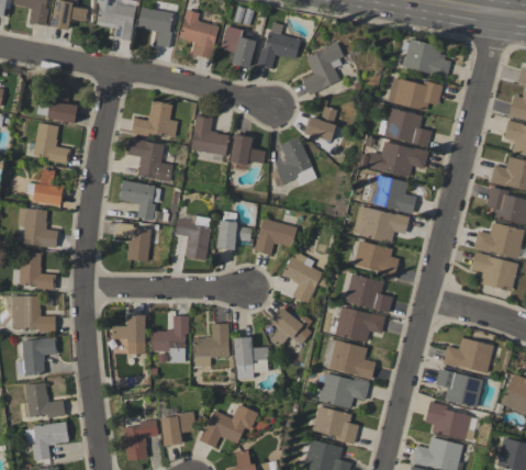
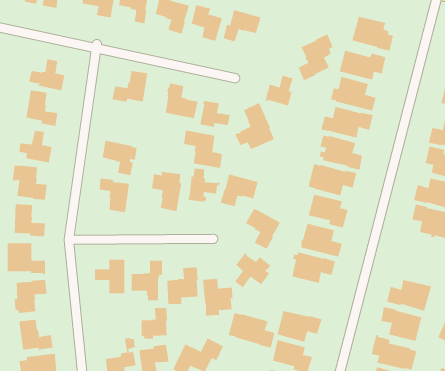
building: [303,41,344,94] -> [298,34,334,81]
building: [127,137,172,181] -> [183,130,223,168]
building: [322,338,376,379] -> [228,312,275,348]
building: none -> [141,307,167,340]

